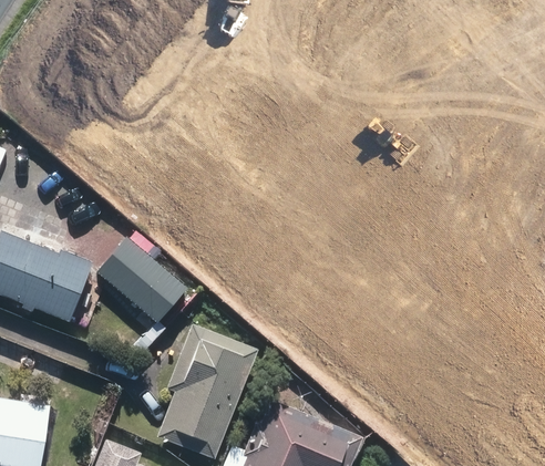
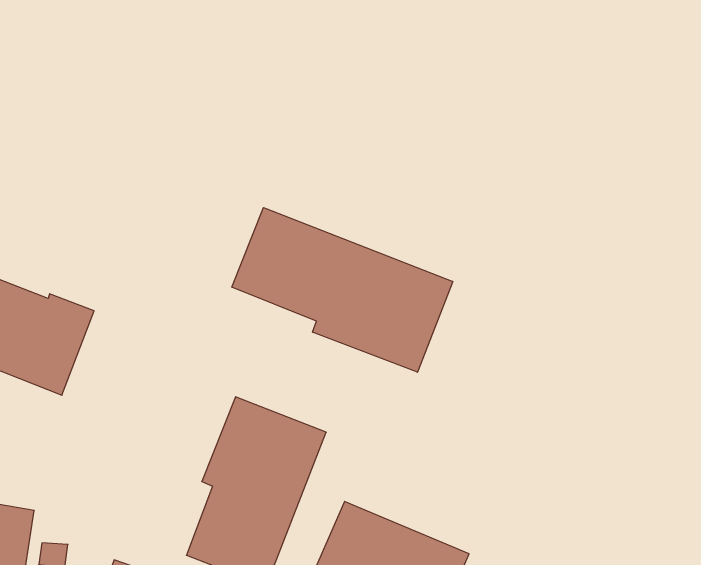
building: none -> [232,208,453,372]
building: [96,244,183,322] -> none

